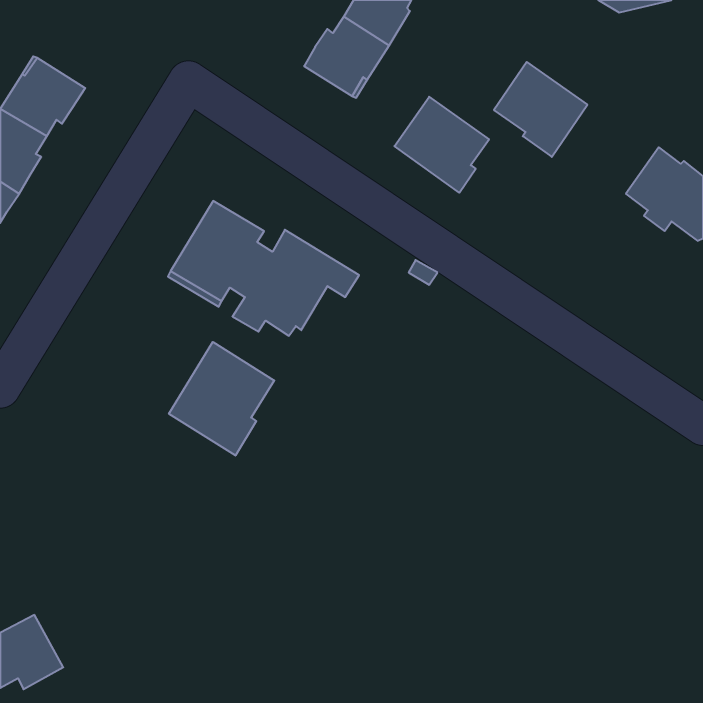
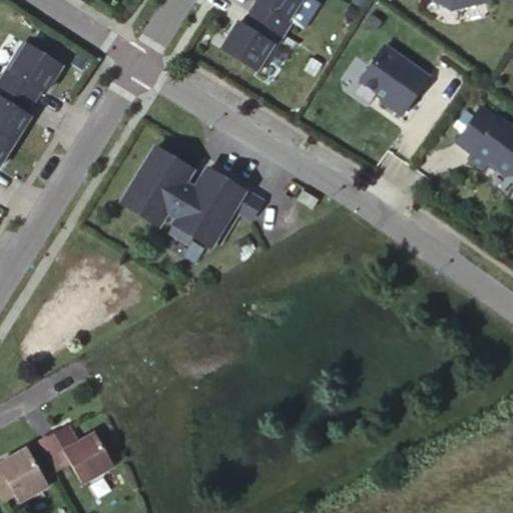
building: [394,97,489,193] -> none
building: [169,342,274,456] -> none
building: none -> [39,426,112,483]

